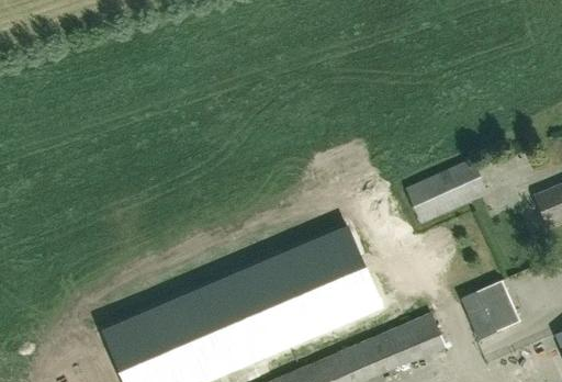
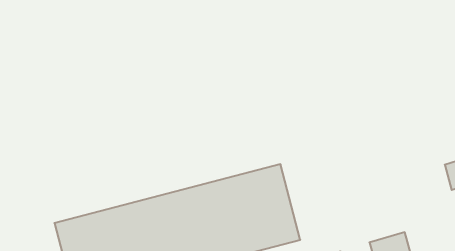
building: [406,159,488,224] -> none

